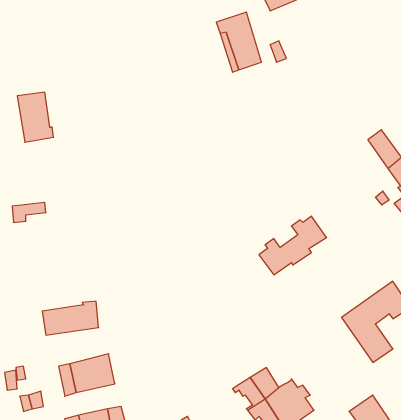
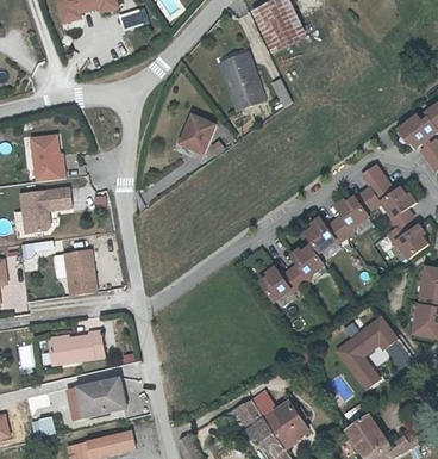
building: none -> [175,116,212,155]
building: none -> [18,182,70,228]
building: none -> [301,199,364,255]
building: none -> [62,242,95,289]

